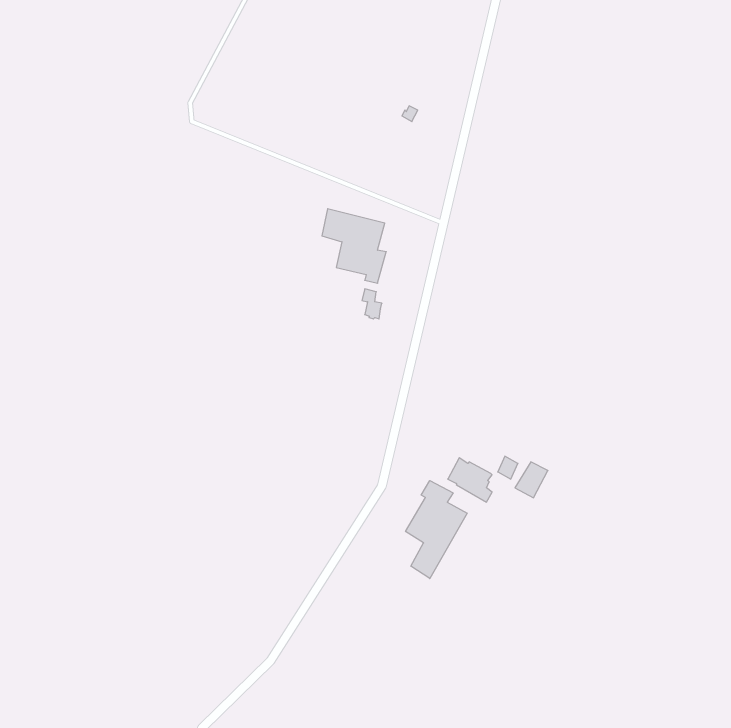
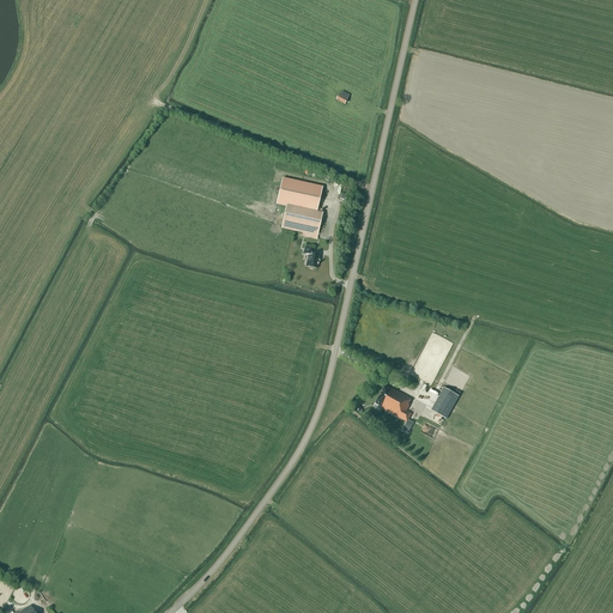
building: [406,481,467,579] -> none

